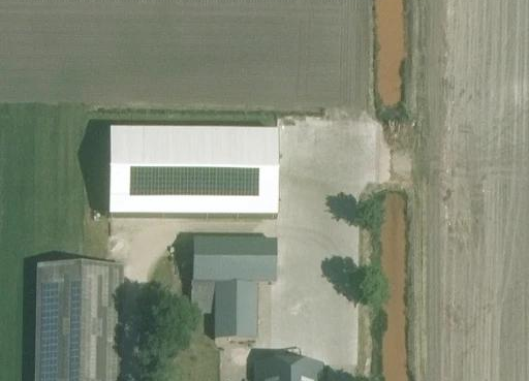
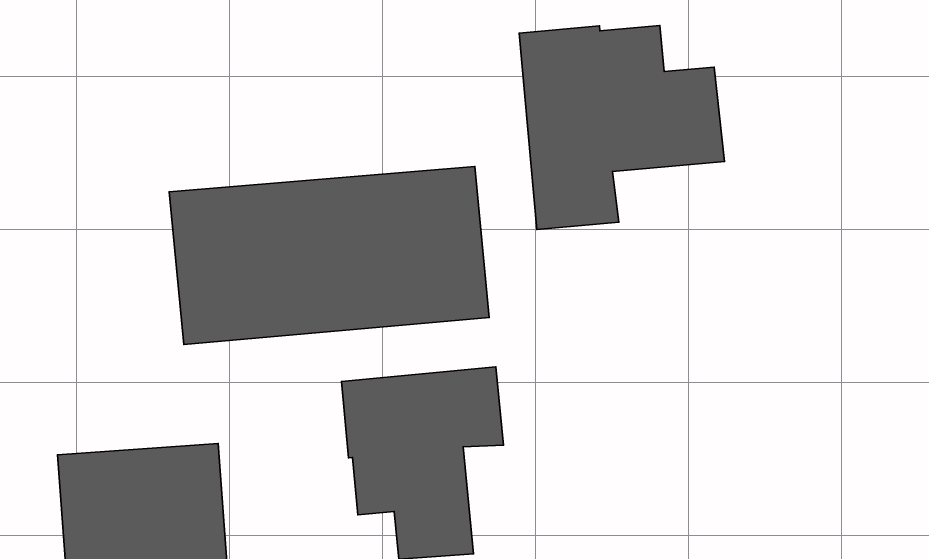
building: none -> [519,25,725,230]

